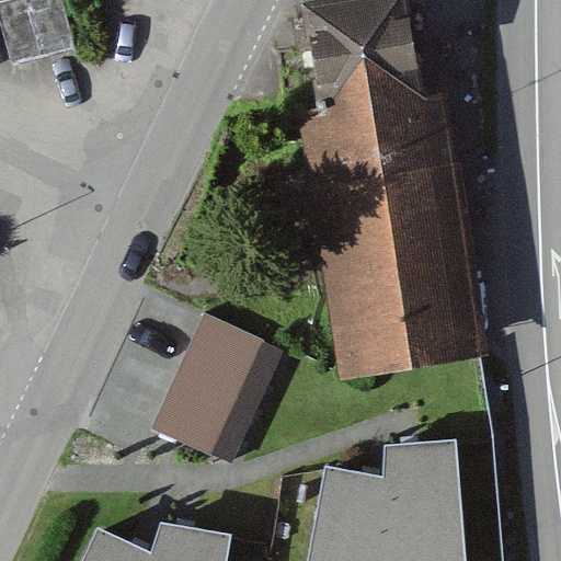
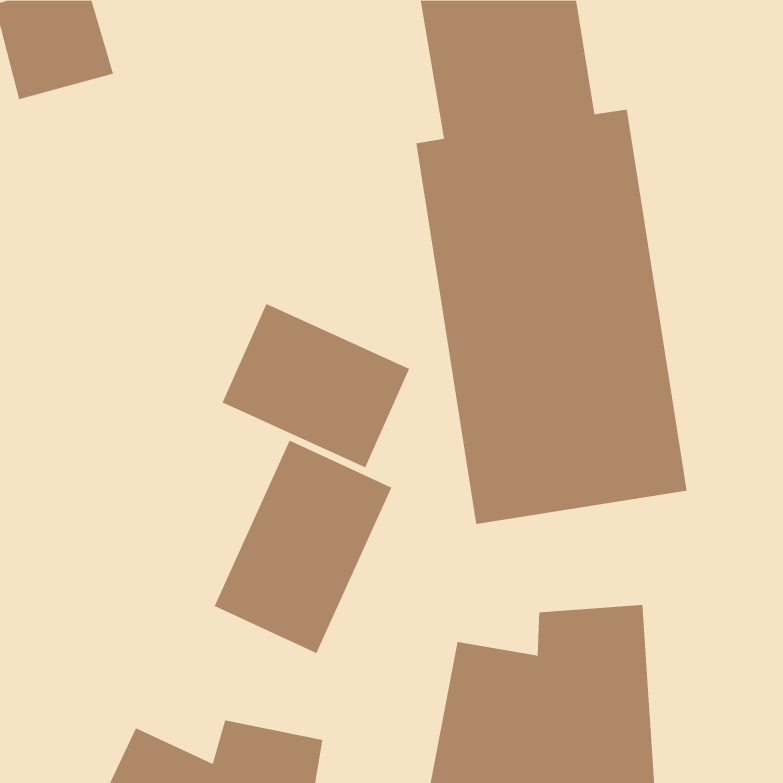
building: none -> [222,303,410,468]

